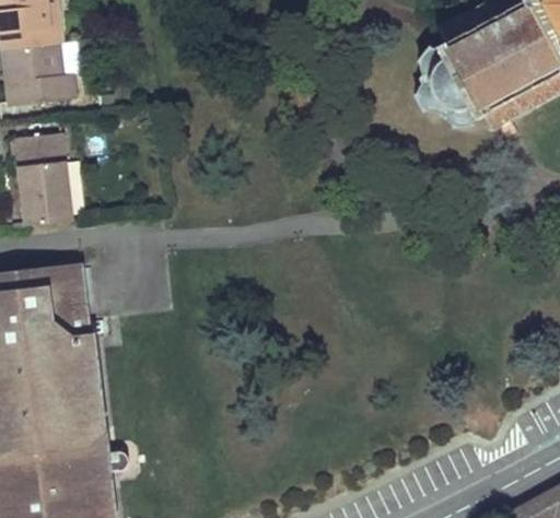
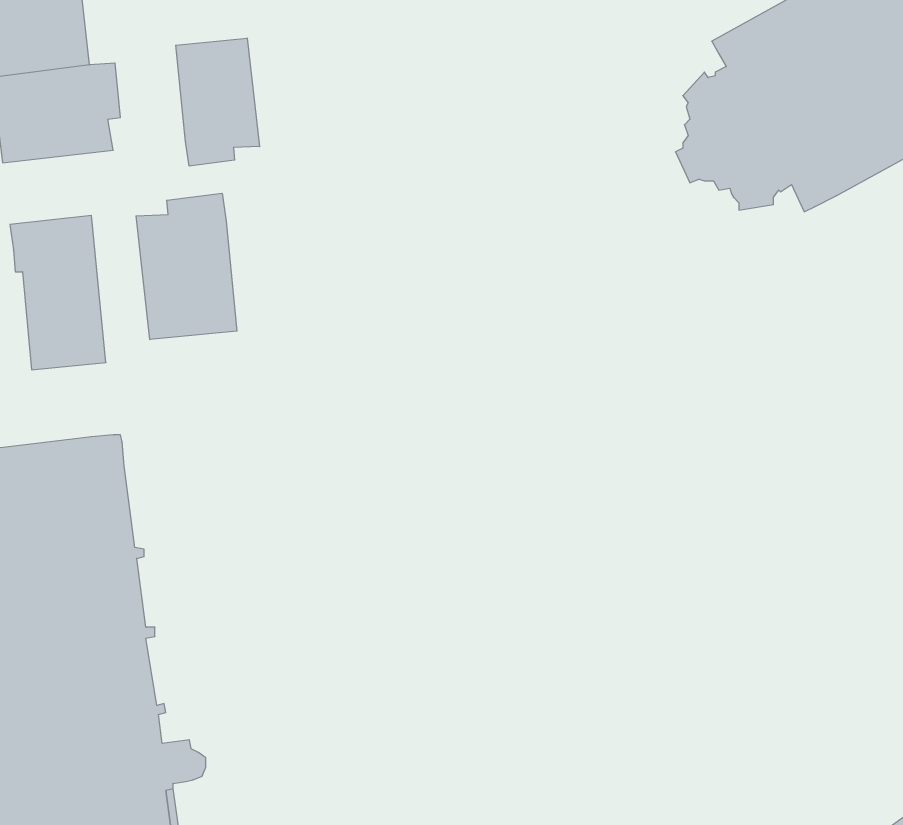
building: none -> [176,38,260,166]
building: none -> [136,193,237,340]

